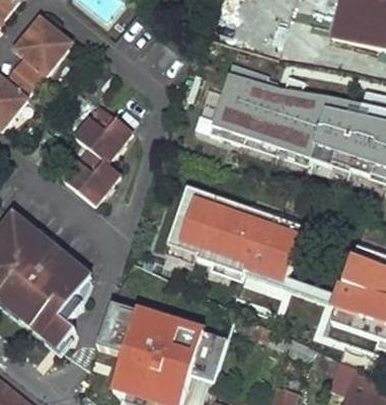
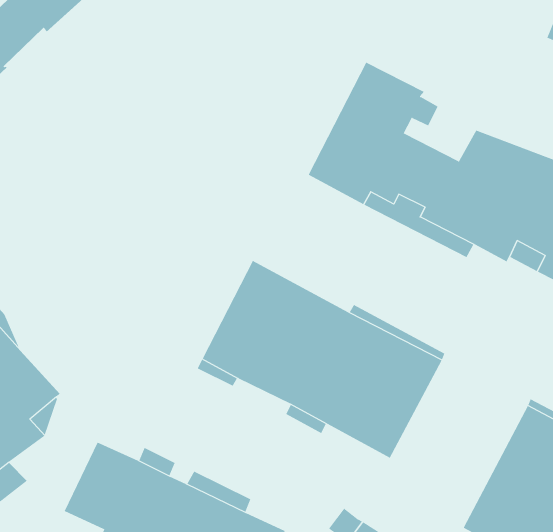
building: [58,108,126,208] -> none

